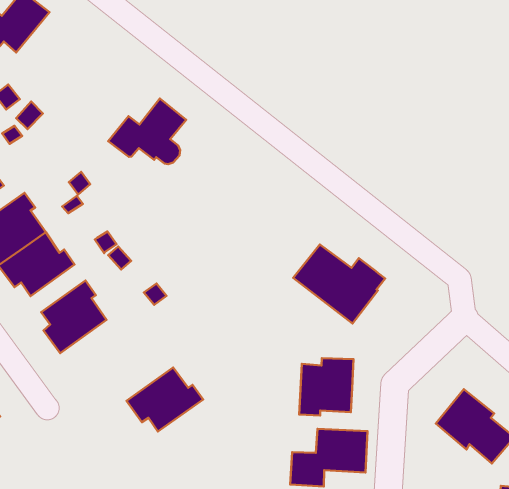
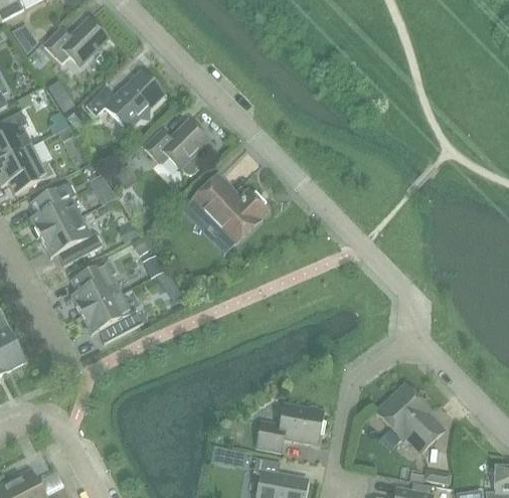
building: none -> [86,69,164,129]
building: [293,245,385,323] -> [192,175,267,242]
building: [299,358,353,416] -> none
building: [127,367,203,431] -> [81,292,144,342]

